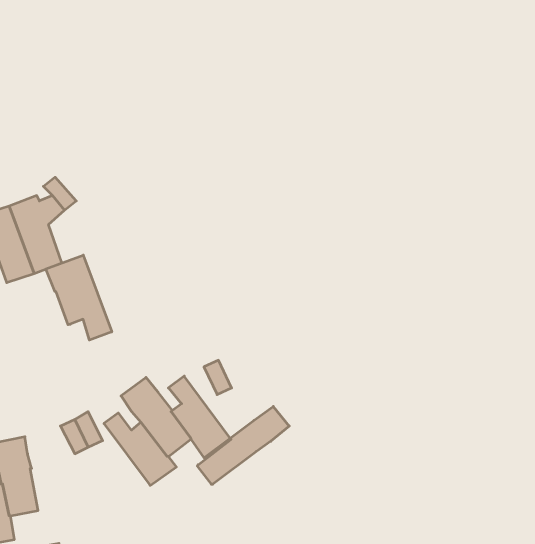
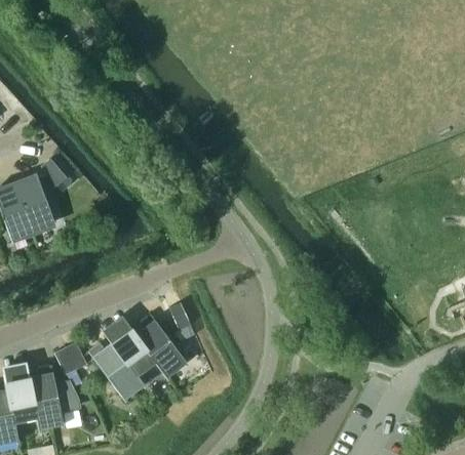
building: [46,255,112,340] -> none
building: [197,406,289,484] -> none
building: none -> [31,366,80,429]

